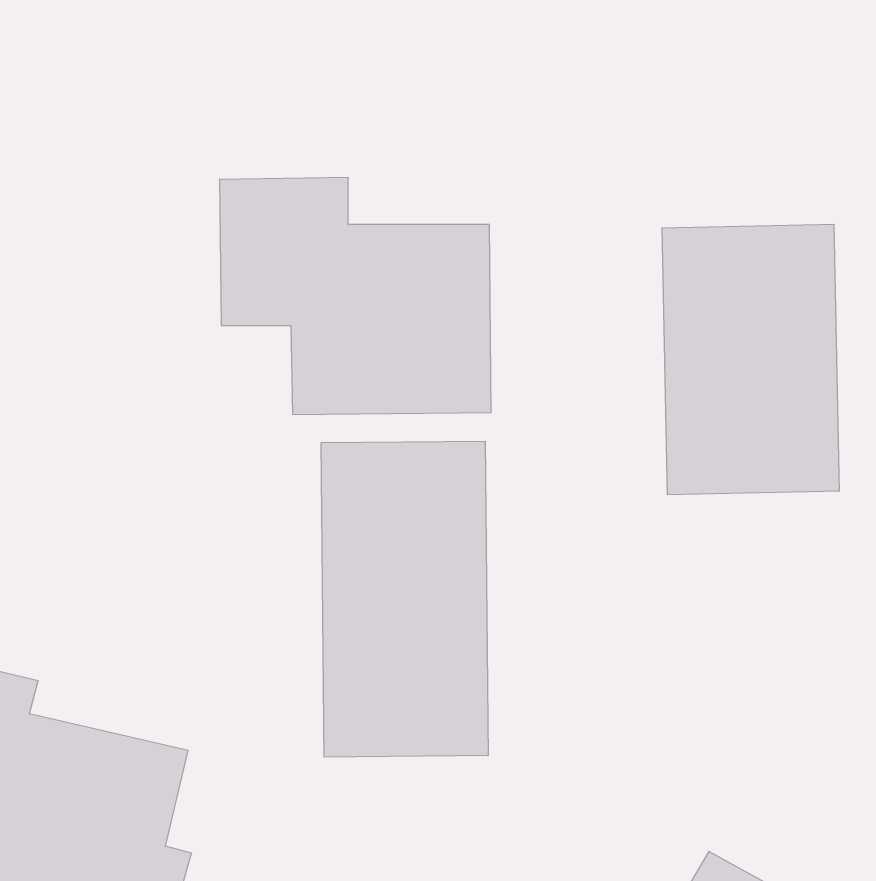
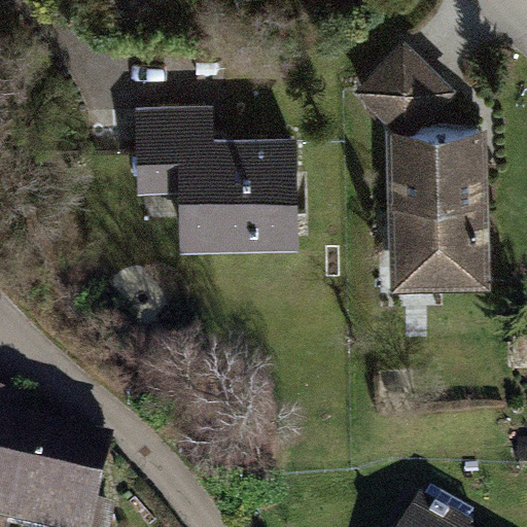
building: none -> [347,40,449,140]
building: [321,441,488,757] -> none

